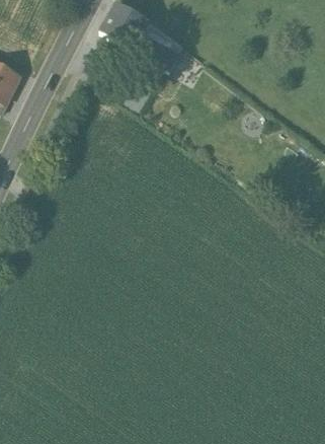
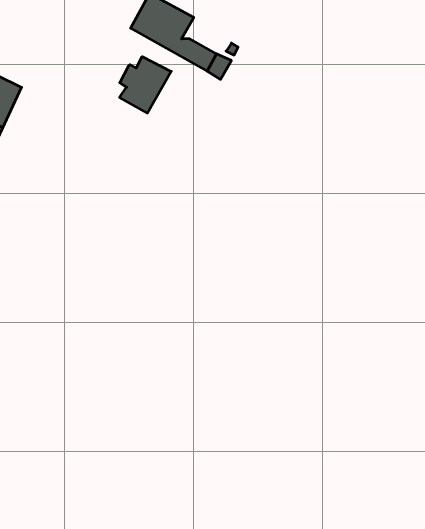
building: none -> [120,57,171,113]

